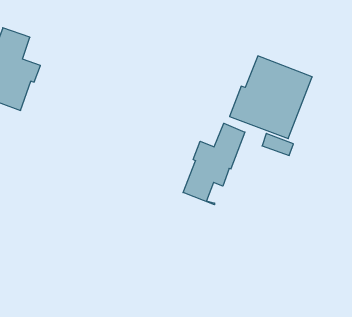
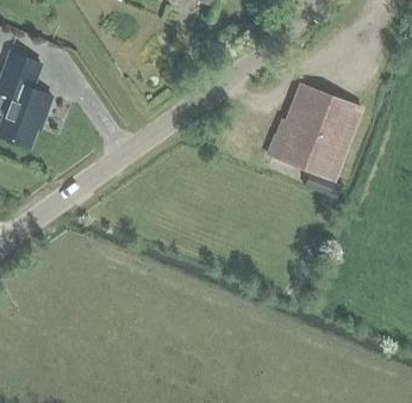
building: [183,123,245,205] -> none

